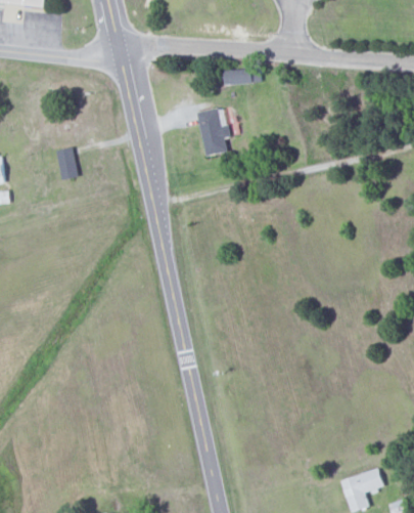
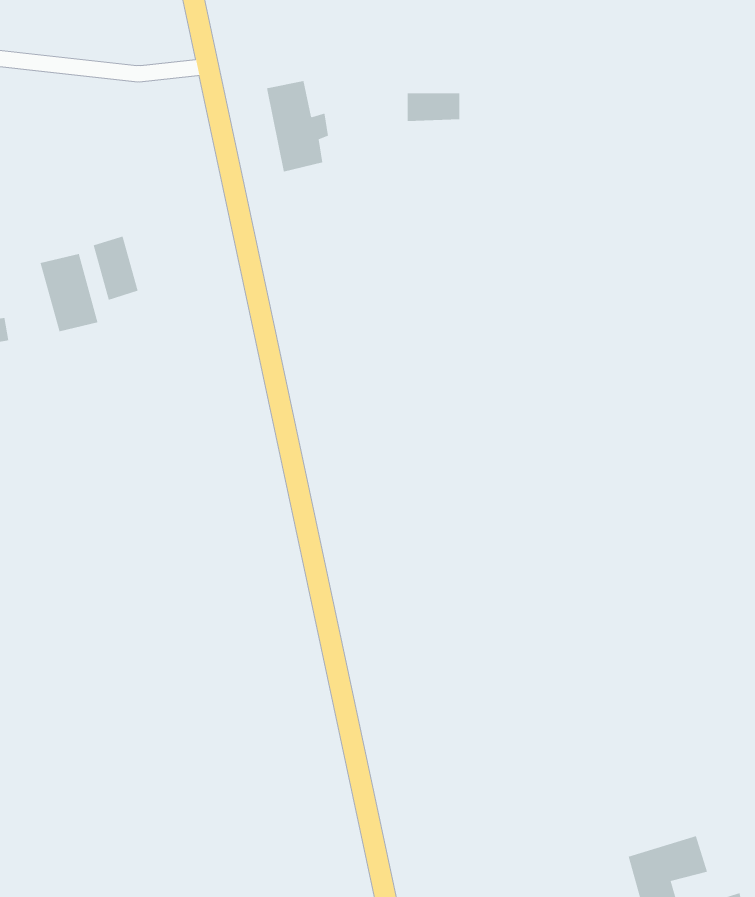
building: [196,106,230,156] -> [266,81,329,172]
building: none -> [40,253,98,332]

